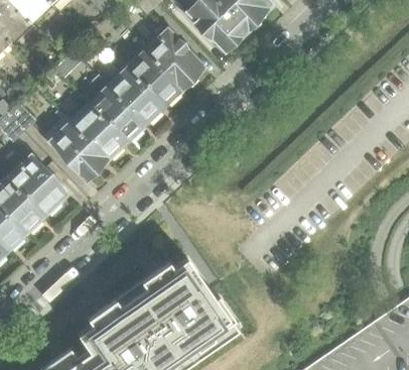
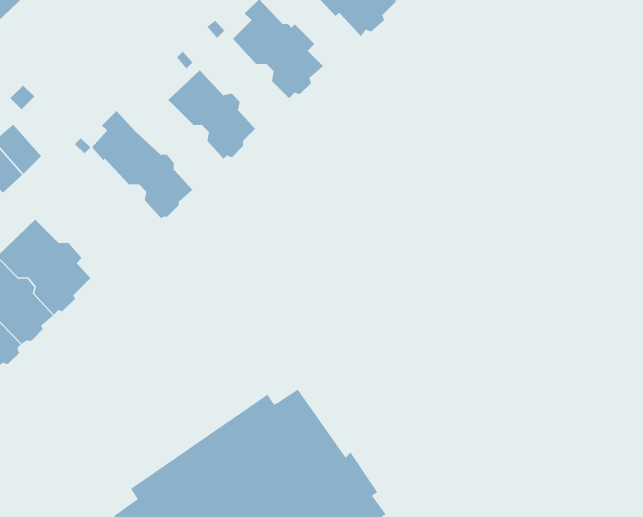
building: [129,51,181,105] -> none
building: [90,77,143,141] -> none
building: [52,123,107,179] -> none

